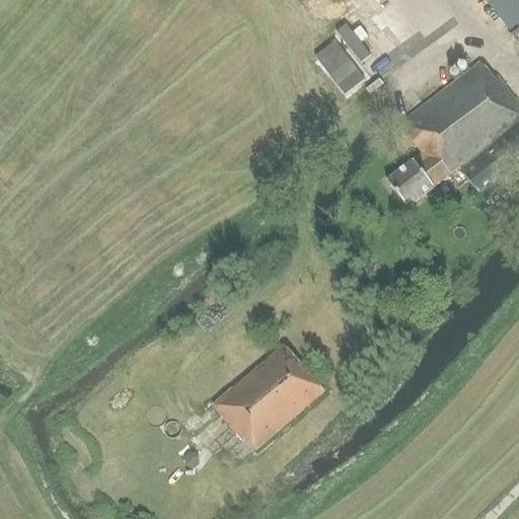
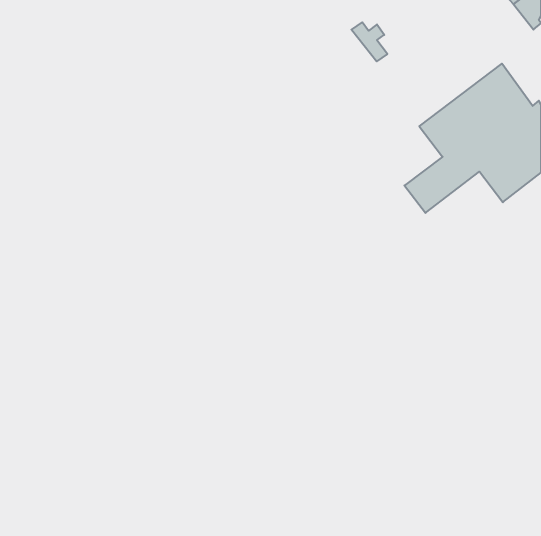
building: [315,39,365,91] -> none
building: [214,342,324,447] -> none

